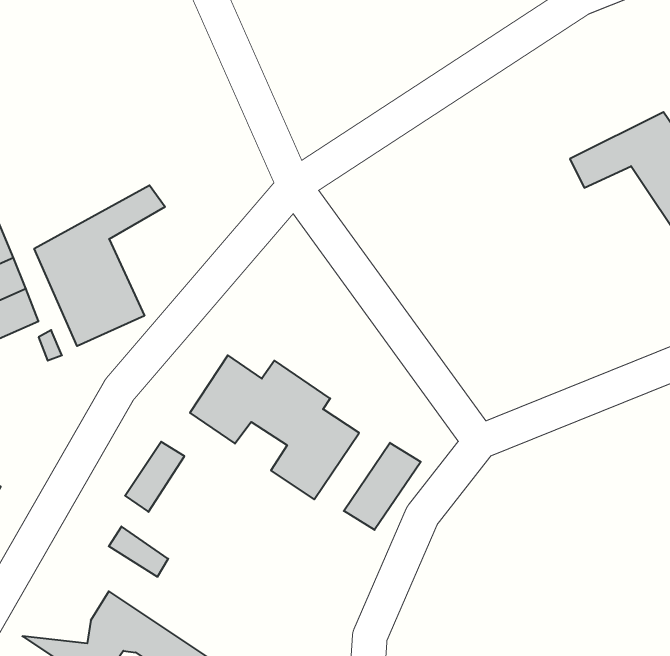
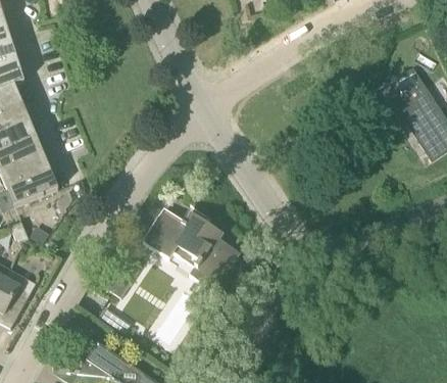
building: [34,185,165,346] -> none
building: [344,443,421,530] -> none

